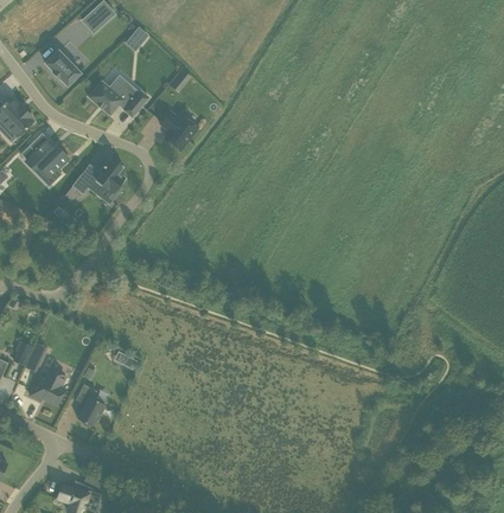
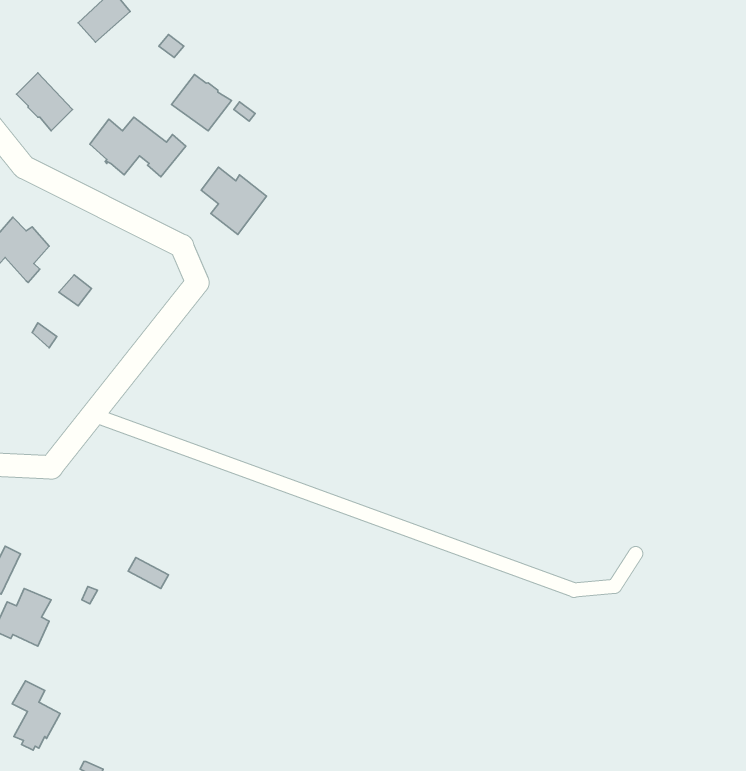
building: none -> [171,74,232,131]
building: [92,158,123,201] -> none
building: [76,384,106,427] -> [12,681,60,750]

